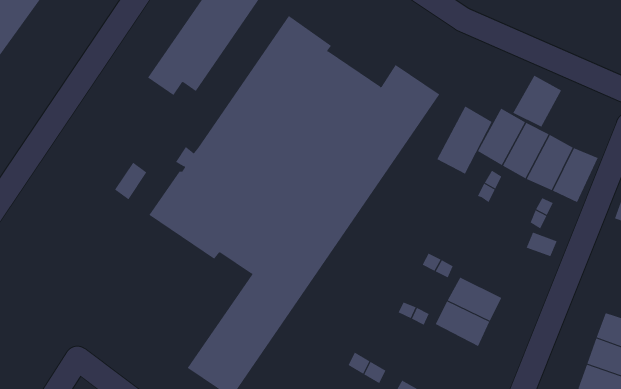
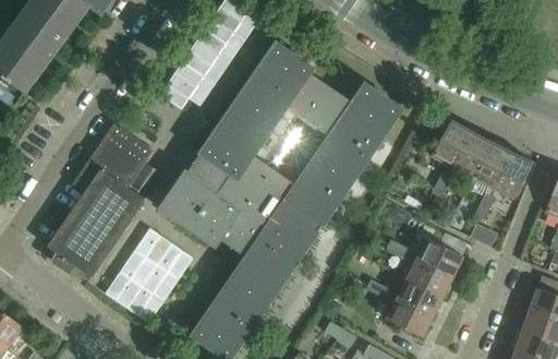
building: [513,75,562,128] -> none
building: [437,106,492,175] -> none
building: none -> [48,123,153,276]
building: none -> [105,227,194,323]
building: none -> [417,238,463,276]
building: none -> [387,298,433,336]

